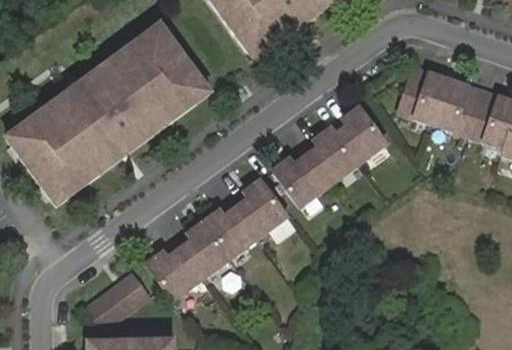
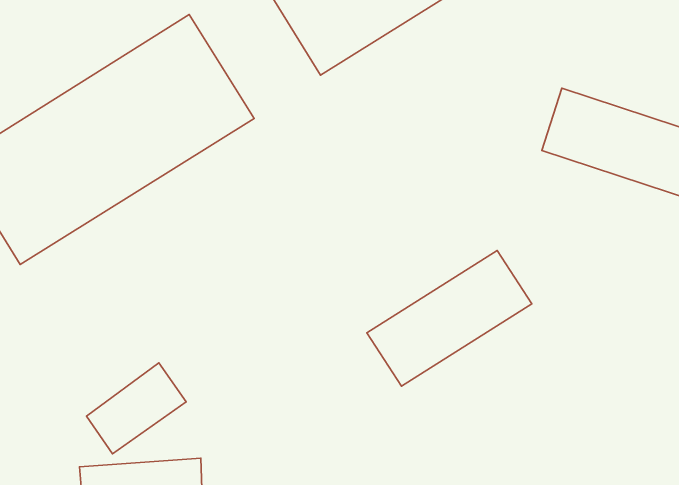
building: [278,112,392,206] -> [367,250,532,386]
building: [144,177,287,290] -> none

